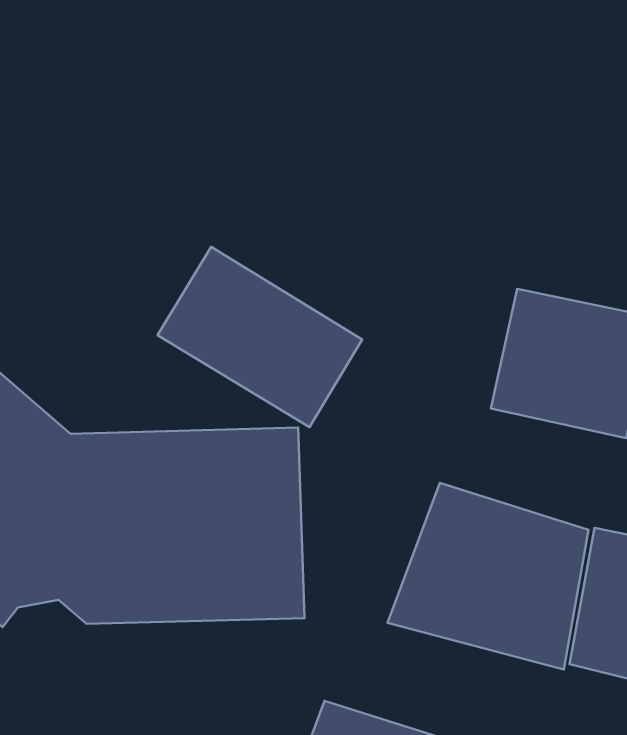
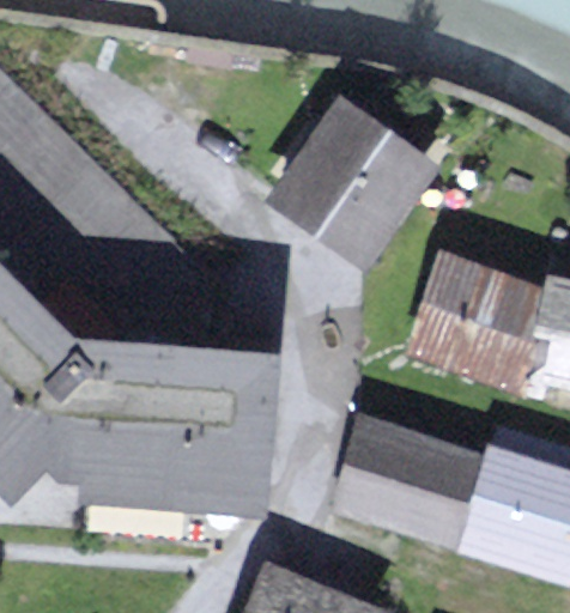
building: none -> [255,89,442,280]
building: [157,247,362,427] -> none

